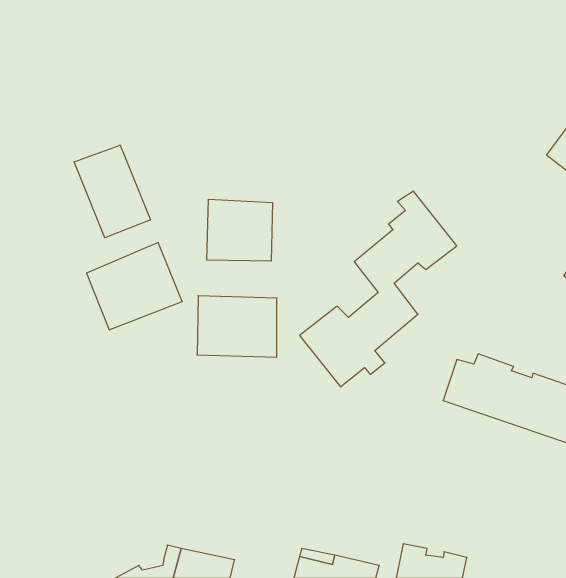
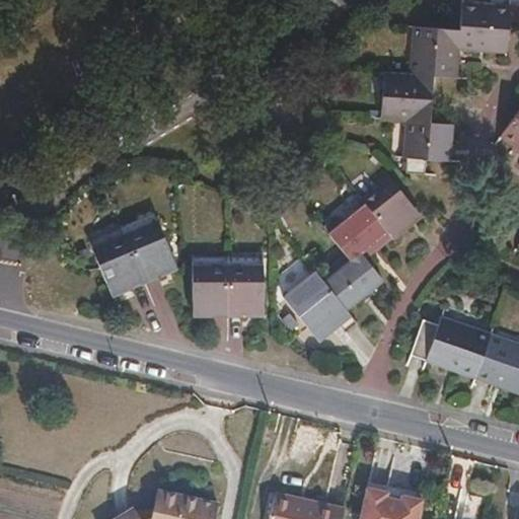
building: none -> [380,4,513,175]
building: [74,145,150,238] -> none
building: [207,199,273,261] -> none

